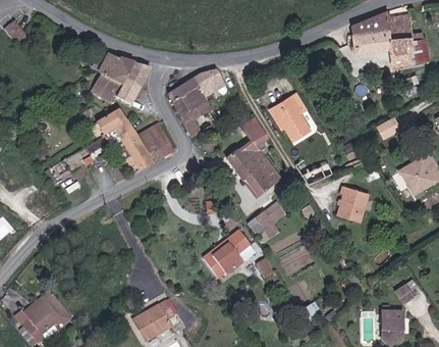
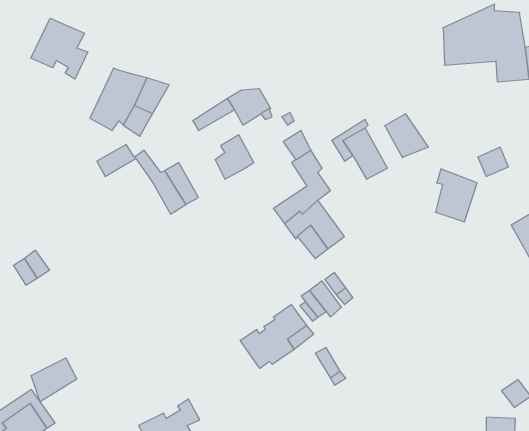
building: none -> [31,18,88,79]
building: [171,86,207,122] -> none
building: none -> [385,114,428,158]
building: [113,121,151,169] -> none
building: [338,186,369,225] -> [435,169,477,222]
building: none -> [31,358,77,402]

